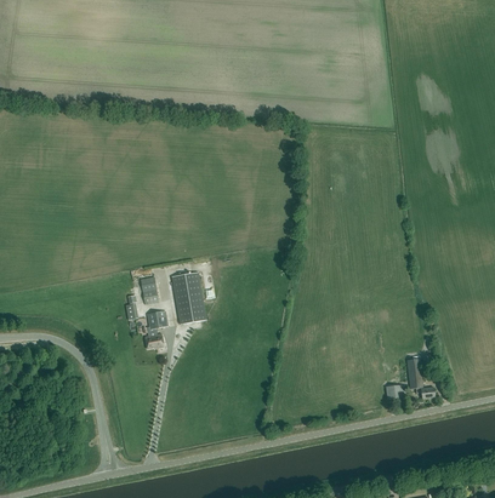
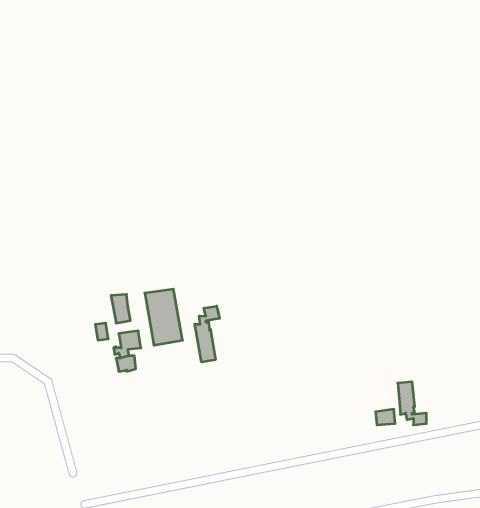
building: none -> [195,306,220,362]

